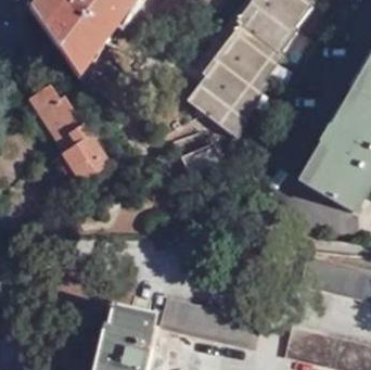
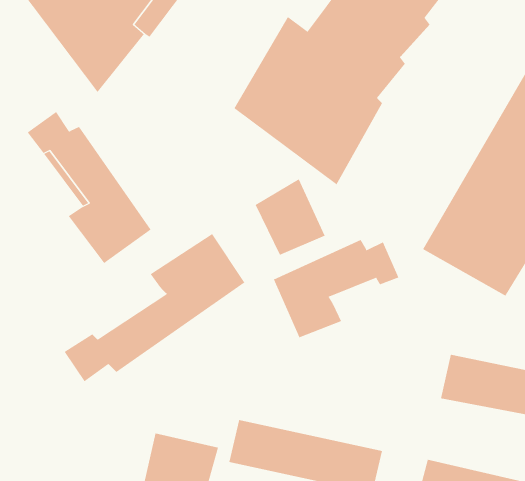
building: none -> [64,233,245,382]
building: none -> [273,239,399,338]

